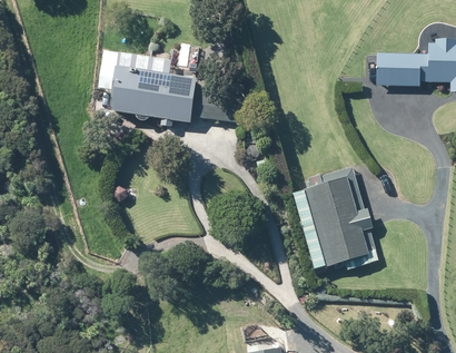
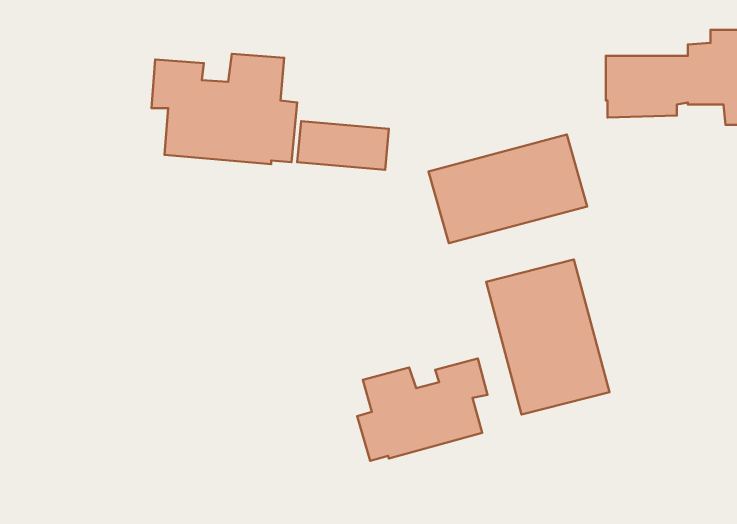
building: none -> [429,134,587,243]
building: none -> [357,358,488,461]

